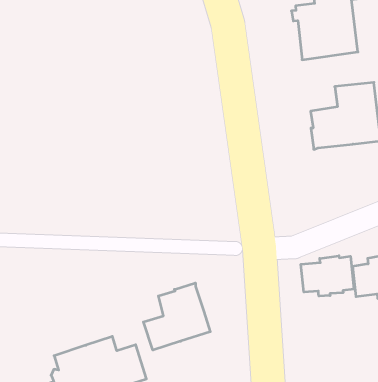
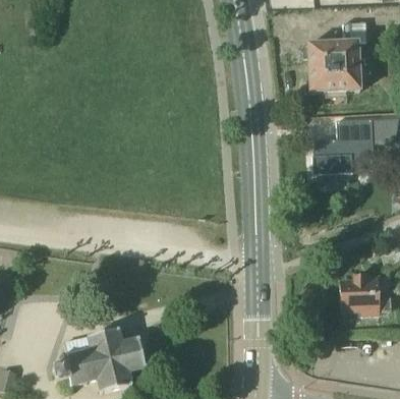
building: [301,256,354,296] -> none
building: [143,283,210,350] -> none

